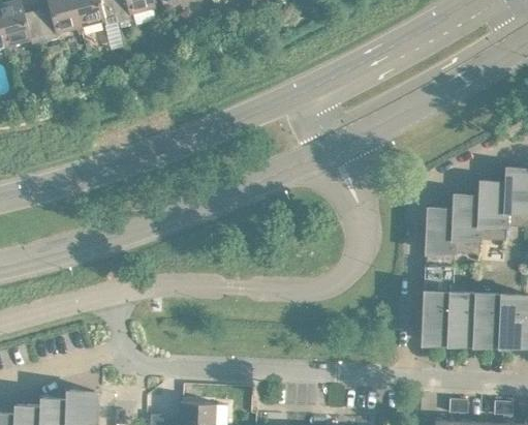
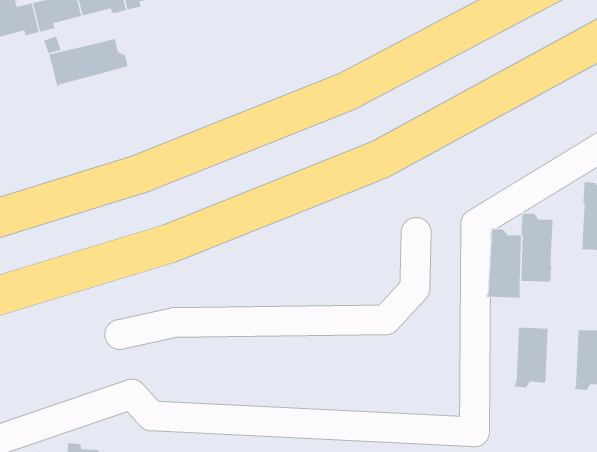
building: none -> [49,38,128,87]
building: [478,181,506,240] -> none
building: [422,266,453,342] -> none
building: [473,293,501,344] -> none

